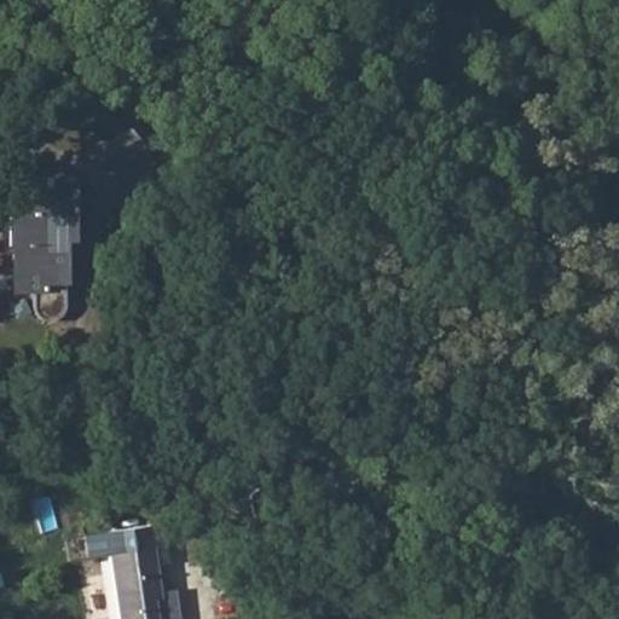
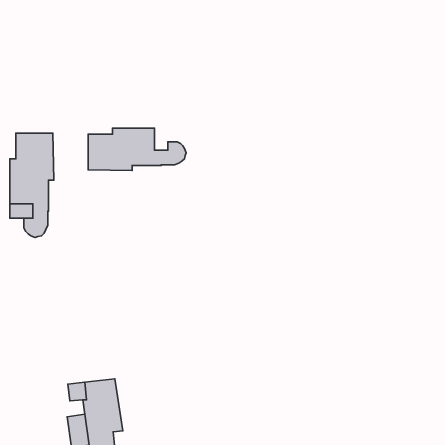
building: none -> [88,128,186,171]

